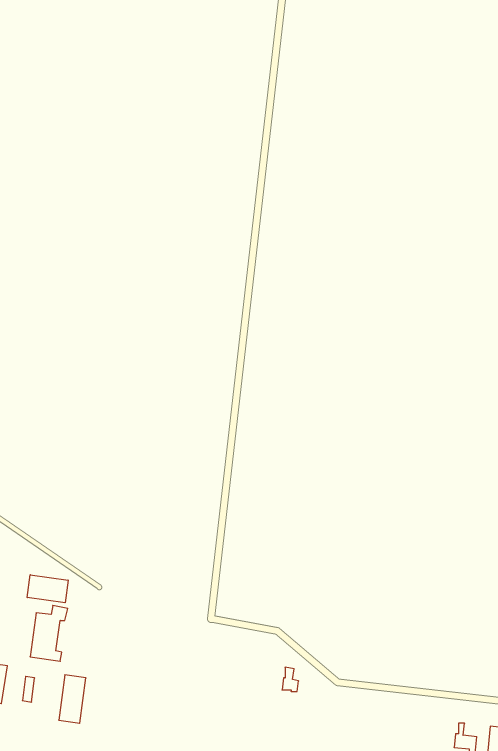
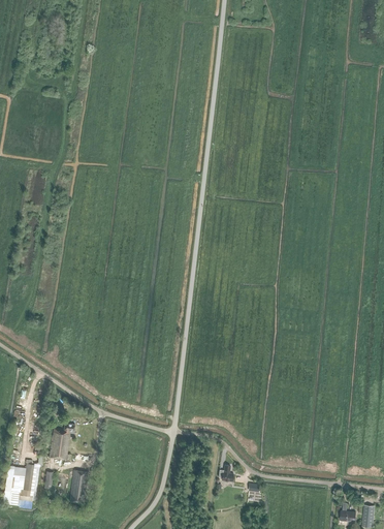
building: [27,575,68,603] -> none

